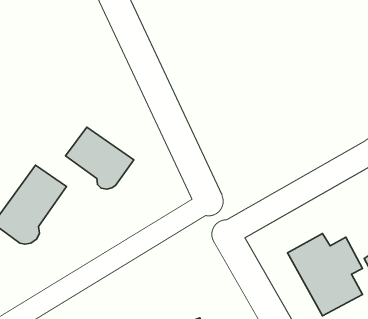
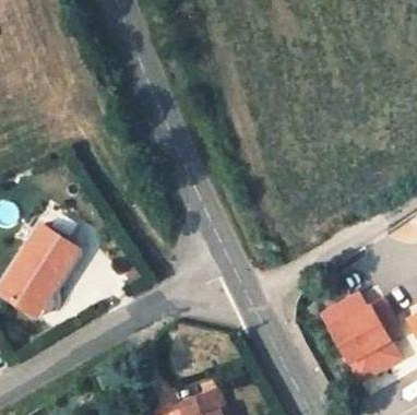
building: [66,127,134,189] -> none

